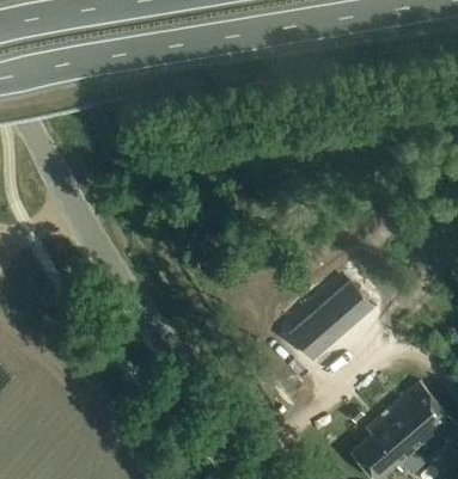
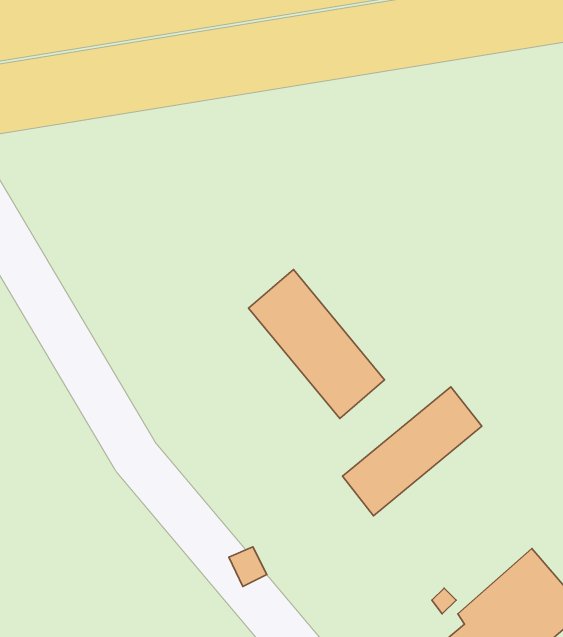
building: none -> [249,269,385,419]

